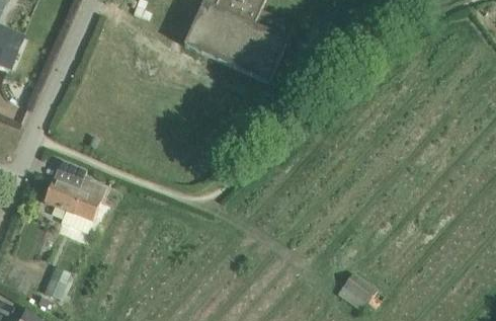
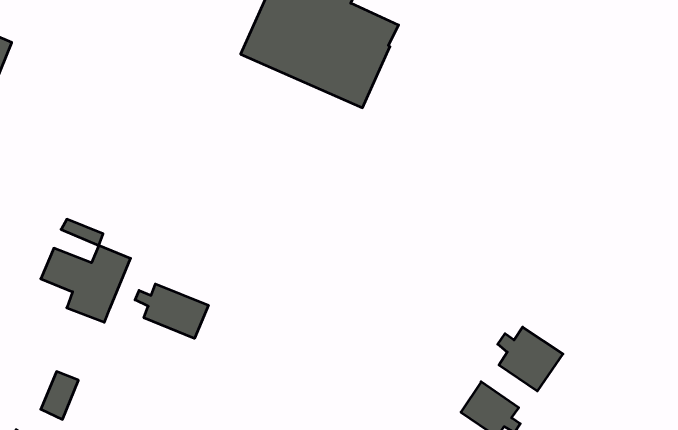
building: none -> [135,284,208,338]
building: none -> [498,327,563,391]

